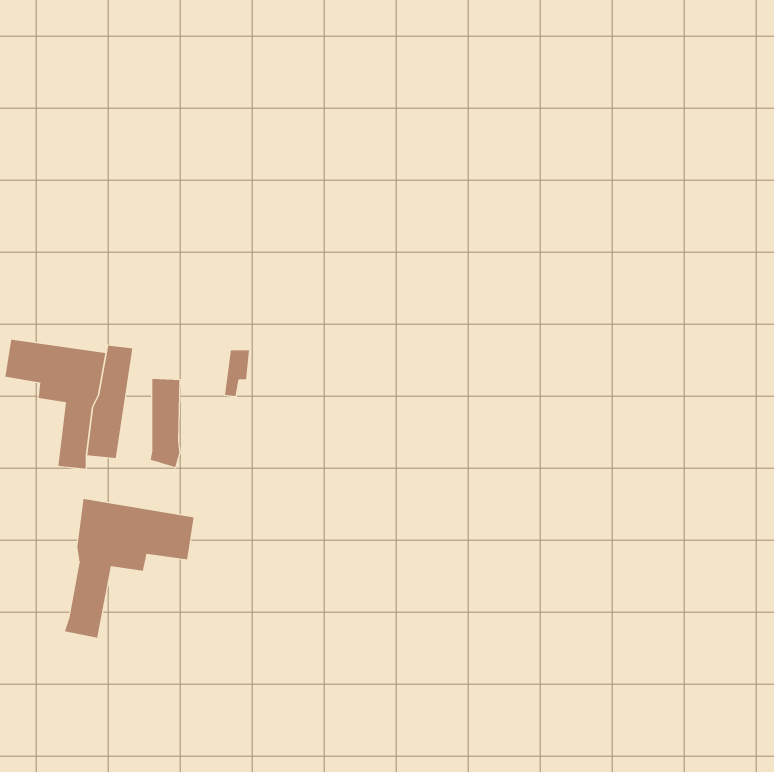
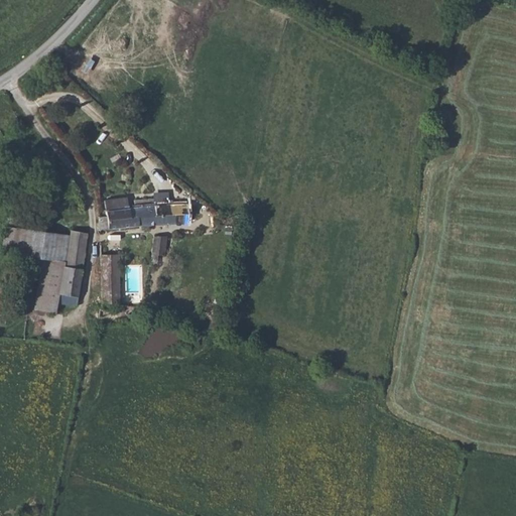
building: none -> [100,199,197,228]
building: [64,498,194,639] -> none

